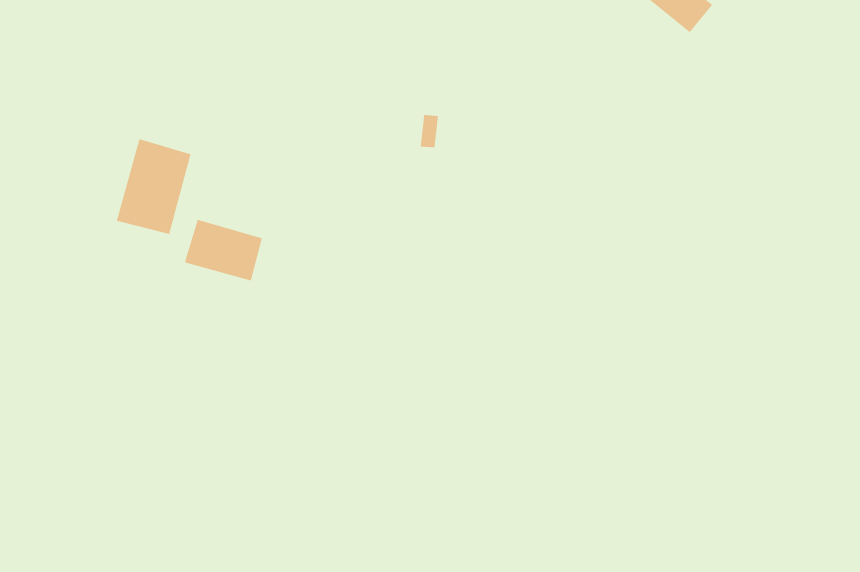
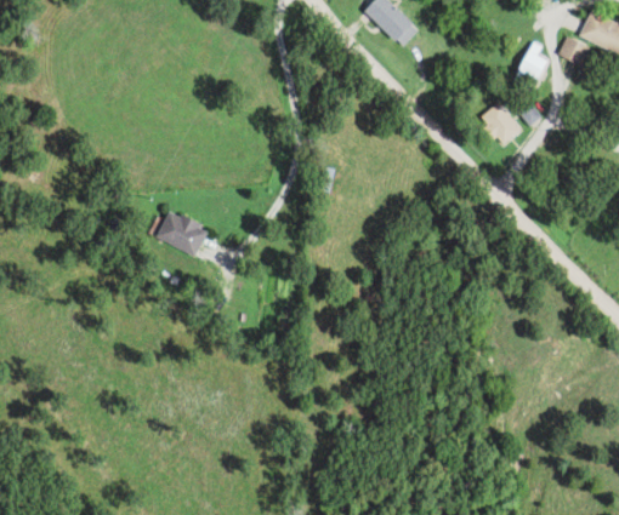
building: [116,138,191,235] -> none

